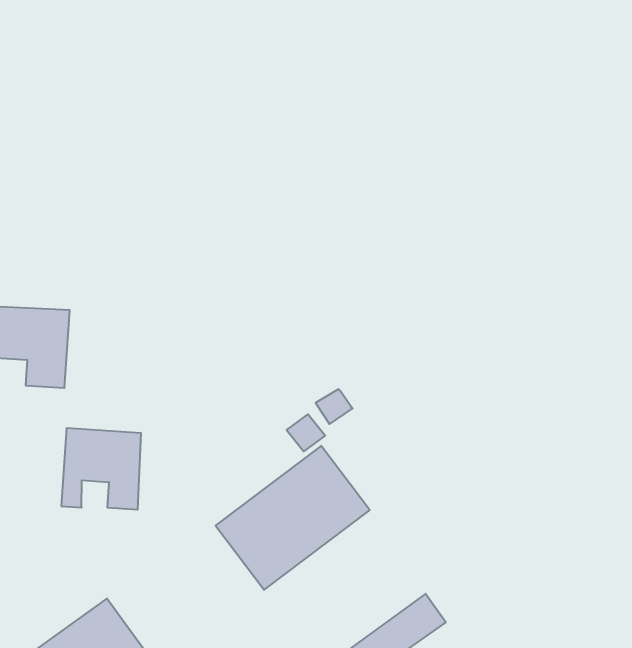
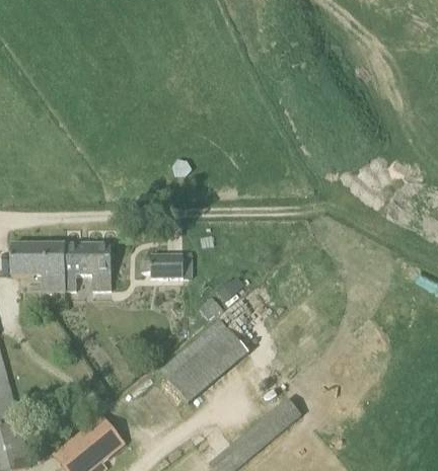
building: none -> [140,254,191,276]
building: [61,428,141,510] -> [64,243,110,290]

